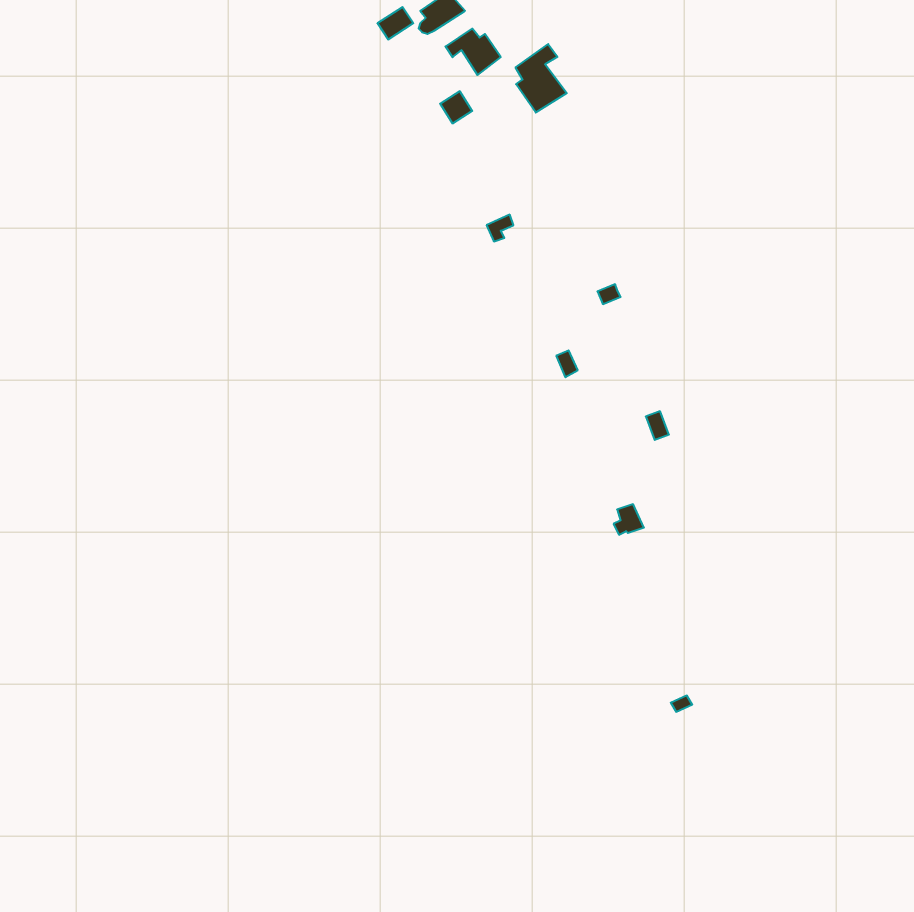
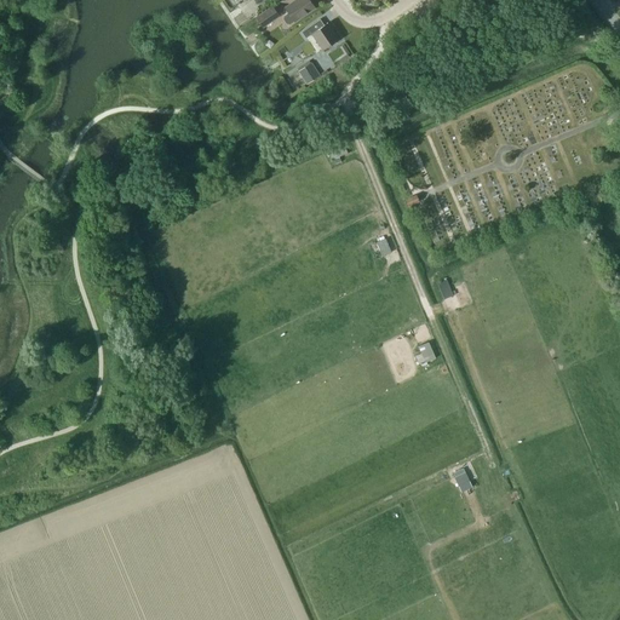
building: [516,44,567,113] -> none

